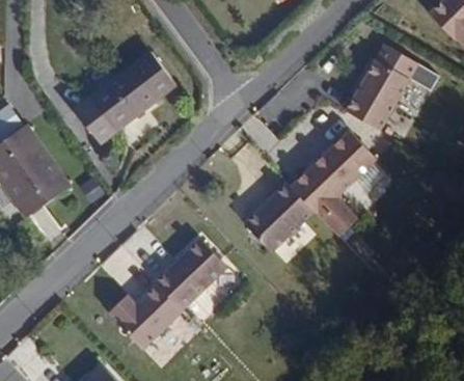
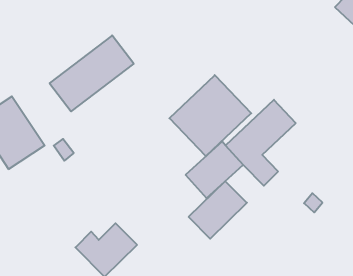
building: [344,43,439,130] -> none
building: none -> [169,75,251,156]
building: [156,239,228,310] -> [189,181,247,239]

